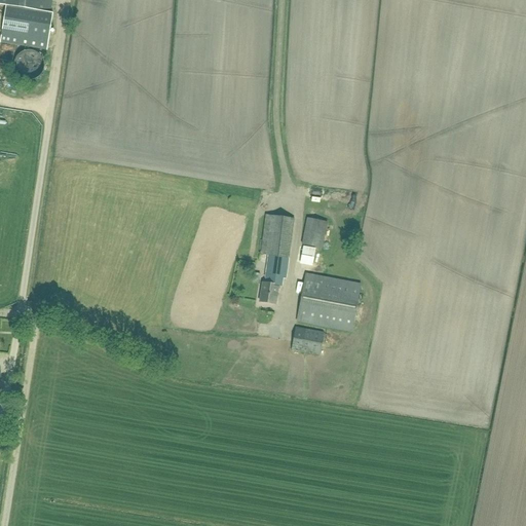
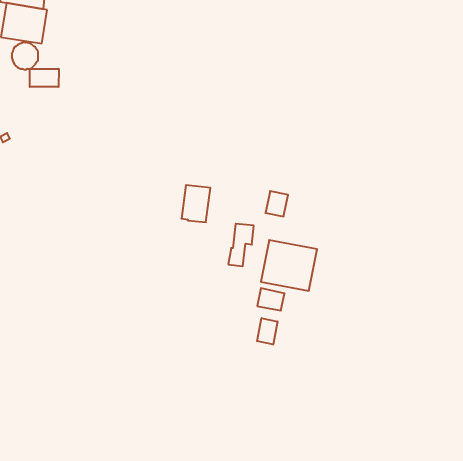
building: none -> [30,69,59,87]
building: [260,214,293,256] -> [181,185,210,222]
building: none -> [257,318,278,345]

